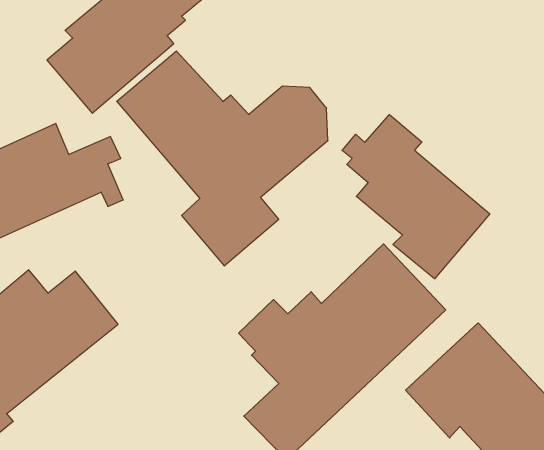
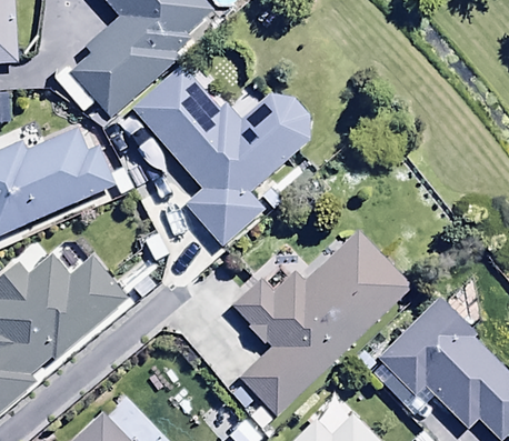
building: [342,115,490,279] -> none

